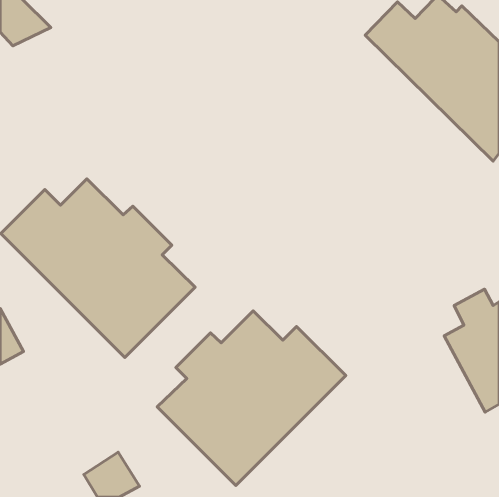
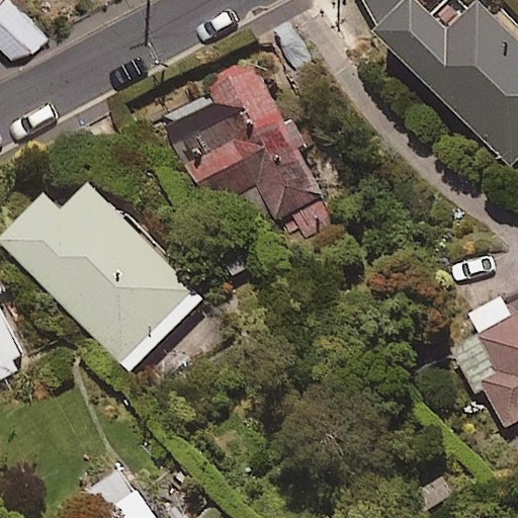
building: none -> [163,60,322,245]
building: [157,311,346,485] -> none

